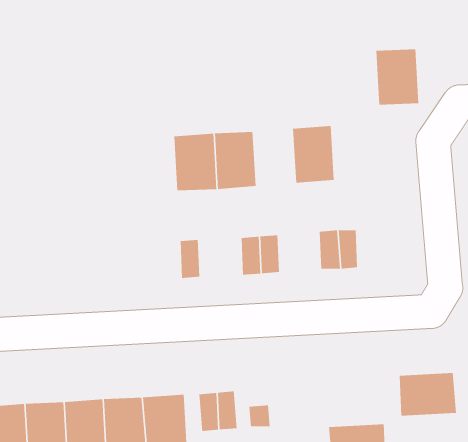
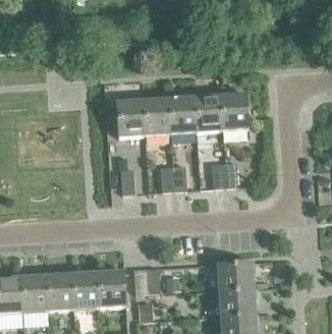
building: [375,49,419,105] -> [220,94,248,130]
building: none -> [169,97,197,134]
building: [399,373,457,416] -> [217,263,255,291]

